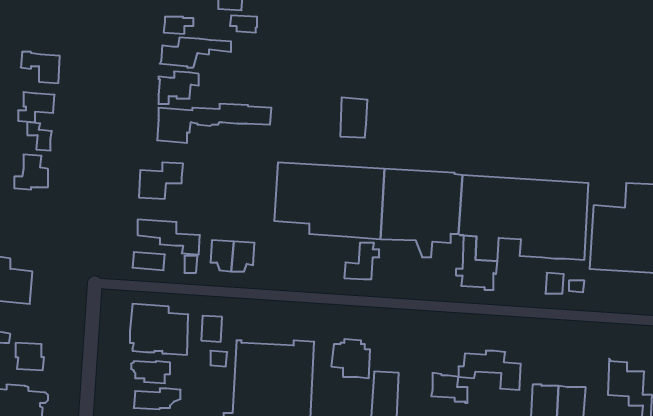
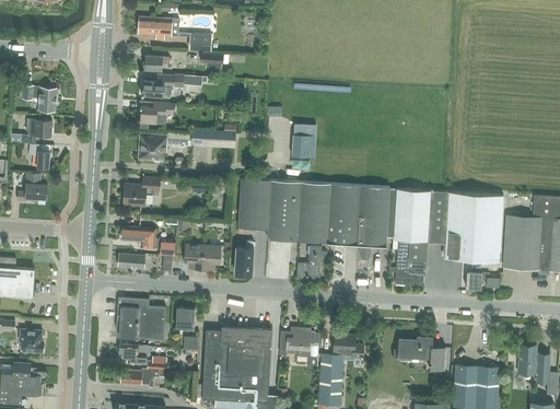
building: none -> [235,241,254,277]
building: [431,373,468,403] -> [332,332,363,358]

